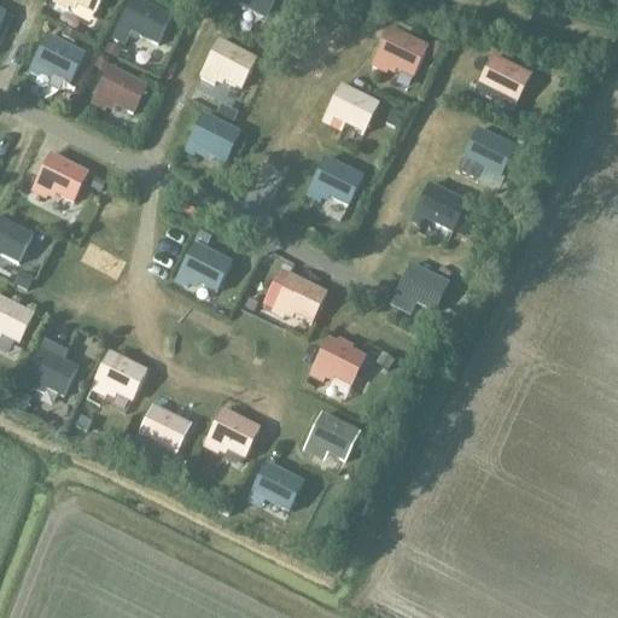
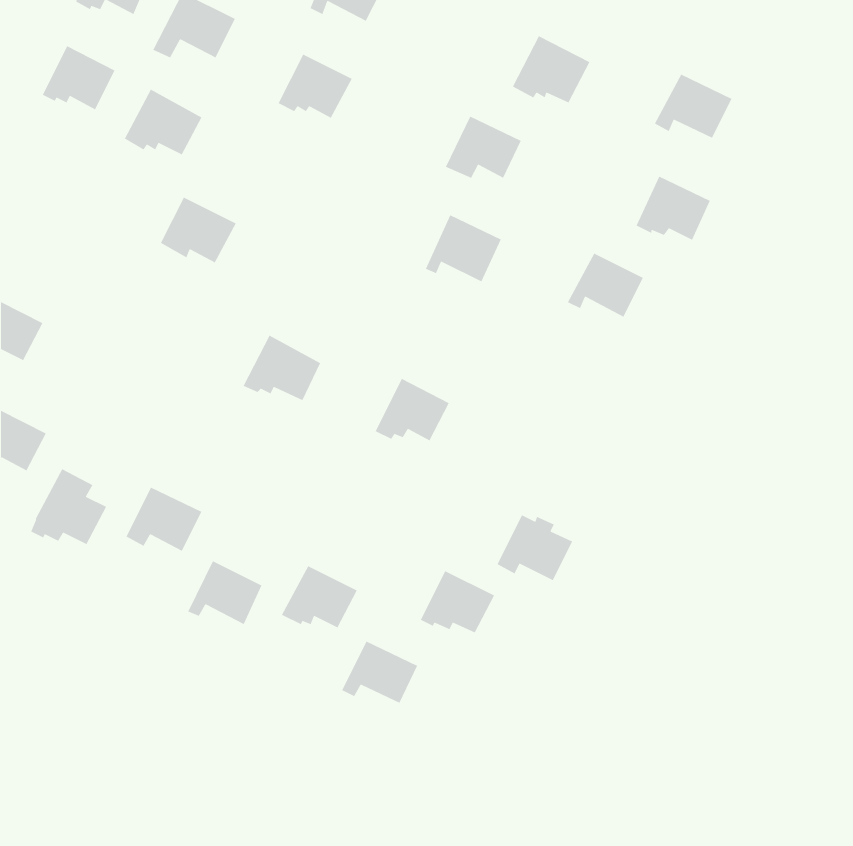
building: [186,111,241,159] -> [160,197,237,263]
building: [33,153,88,200] -> none
building: [393,262,449,309] -> none
building: [310,336,366,384] -> [496,514,573,581]

